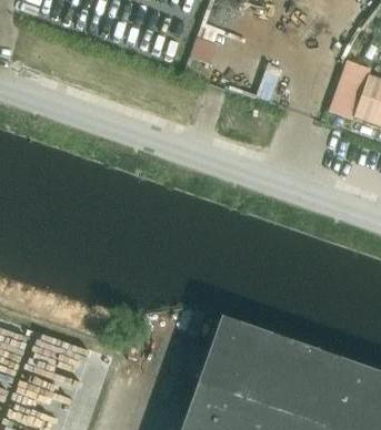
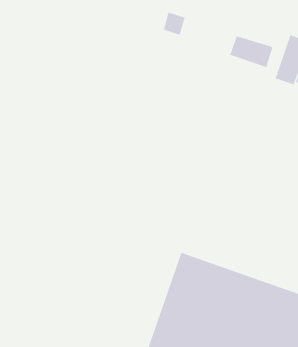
building: none -> [230,35,273,68]

